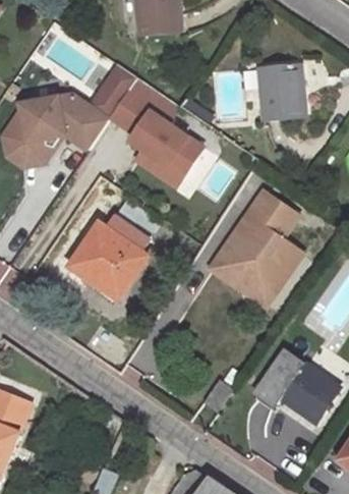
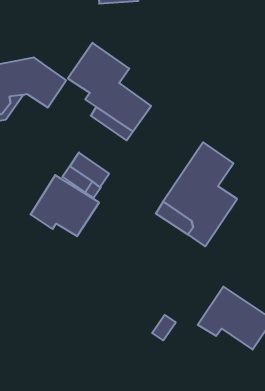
building: [253,62,303,118] -> none
building: [91,64,138,119] -> none

